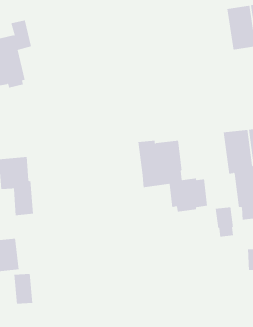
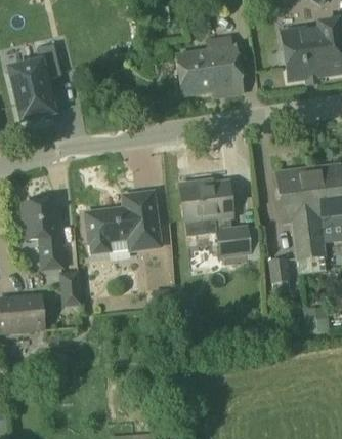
building: none -> [175,45,244,96]
building: none -> [84,191,161,253]
building: [13,274,33,304] -> [59,271,82,306]

